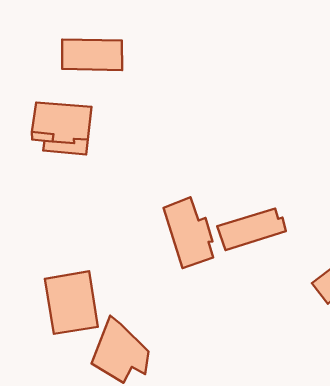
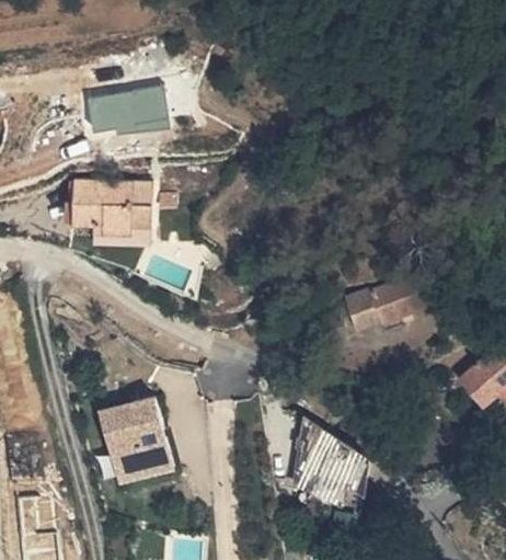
building: [163,197,213,268] -> none
building: [91,316,149,383] -> [290,423,364,510]

